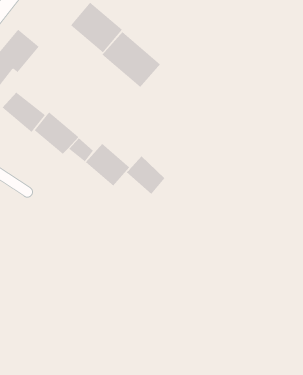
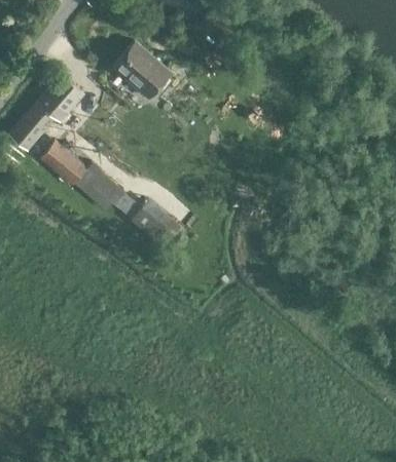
building: [102,31,161,88] -> none
building: [126,155,165,195] -> none

